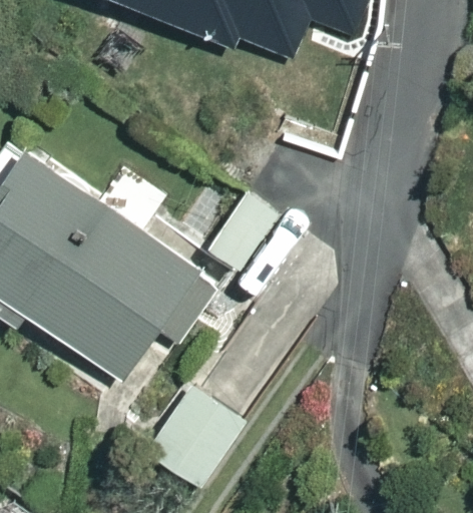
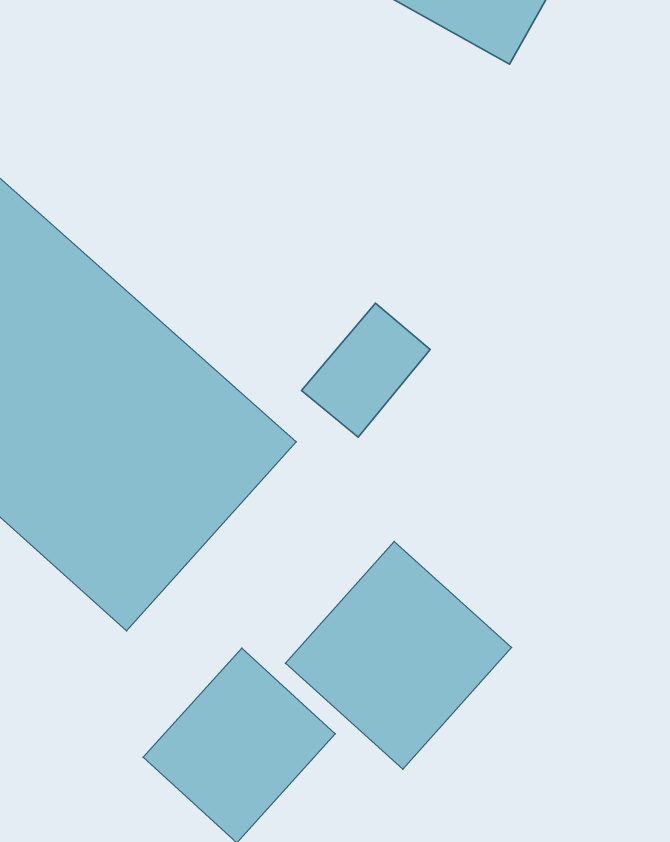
building: none -> [286,542,511,769]

